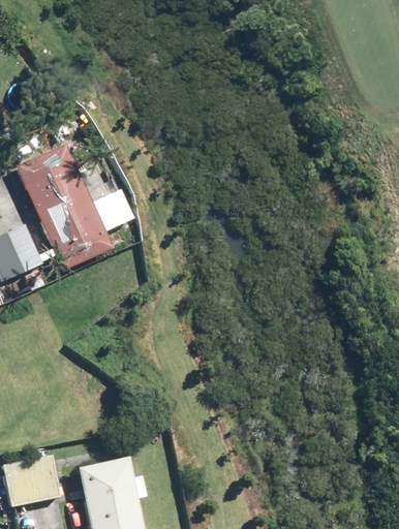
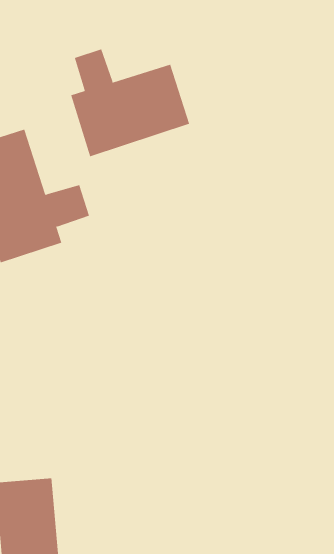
building: none -> [70,49,190,157]

